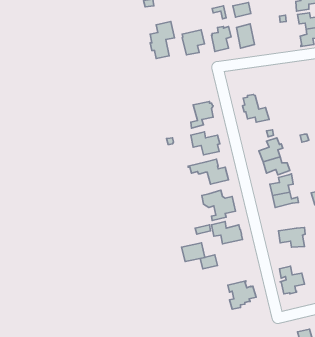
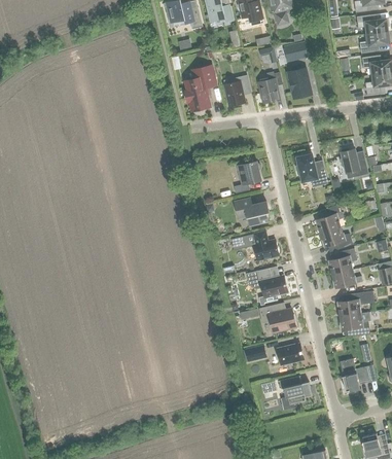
building: none -> [340,147,368,179]
building: none -> [336,291,373,316]
building: [182,243,205,262] -> [276,343,304,365]

